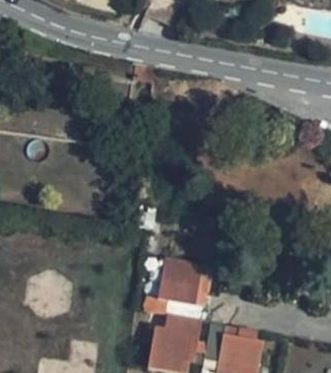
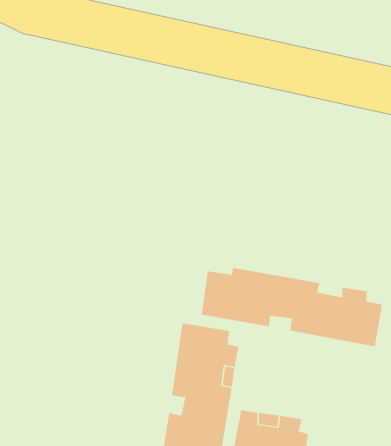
building: none -> [201,267,383,347]

